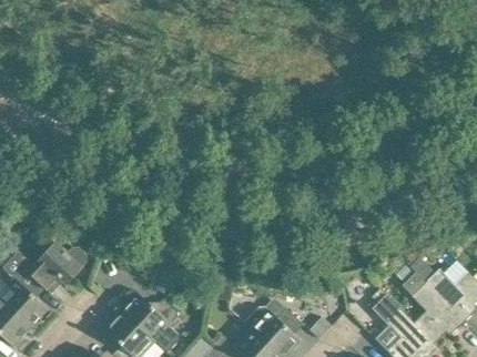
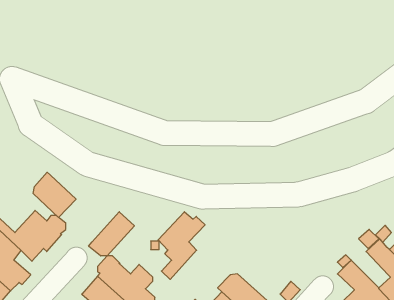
building: none -> [33,172,76,217]
building: none -> [89,212,134,256]
building: none -> [158,212,205,279]

